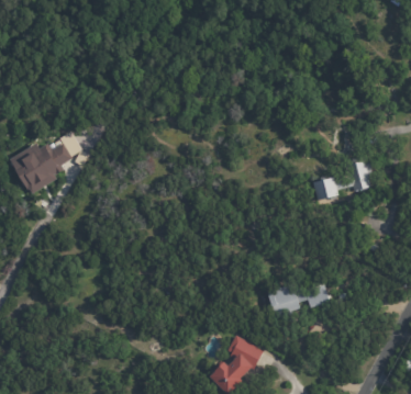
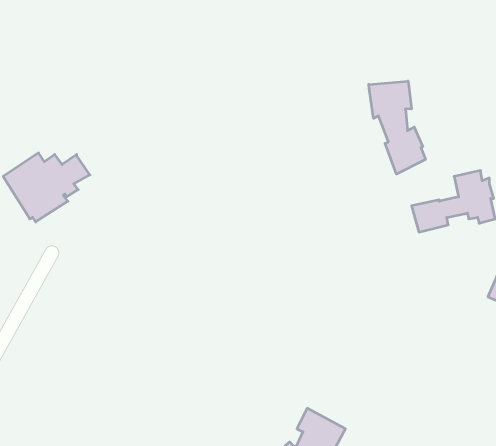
building: none -> [369,81,425,174]
building: [267,279,333,317] -> none

